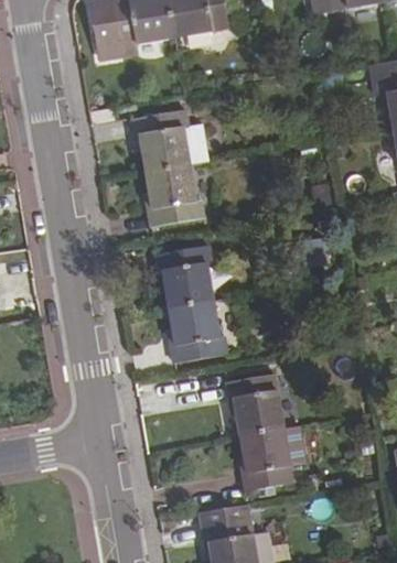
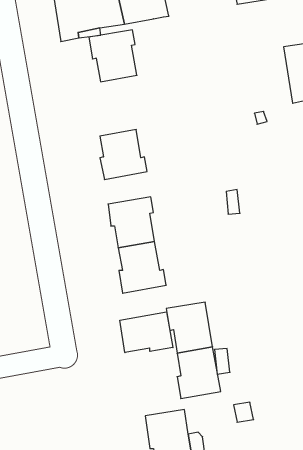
building: [132,110,191,173] -> [89,30,137,82]
building: none -> [120,312,173,353]

